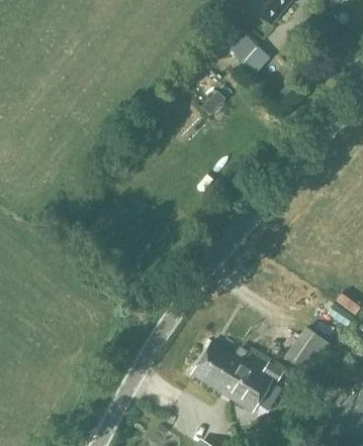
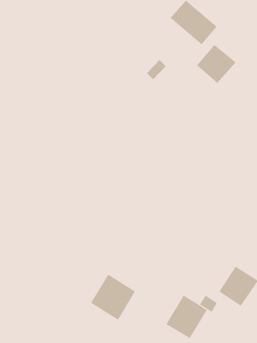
building: none -> [196,44,237,84]
building: [192,342,245,396] -> [90,274,136,320]

